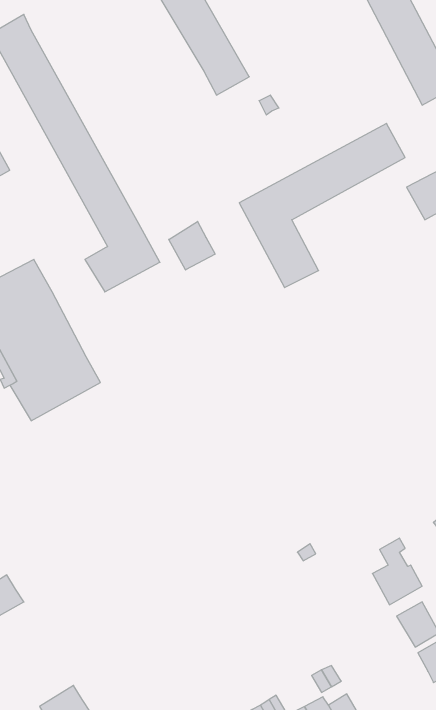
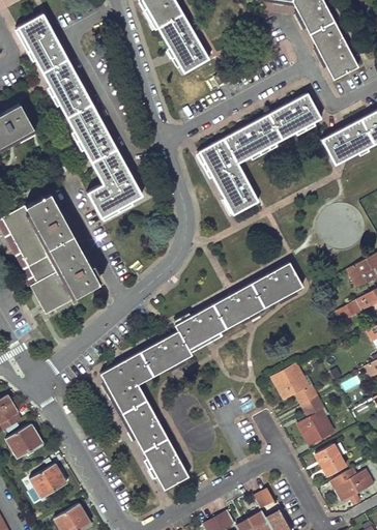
building: [169,221,215,270] -> none
building: none -> [100,262,302,489]
building: none -> [273,364,317,405]
building: none -> [30,464,66,498]

